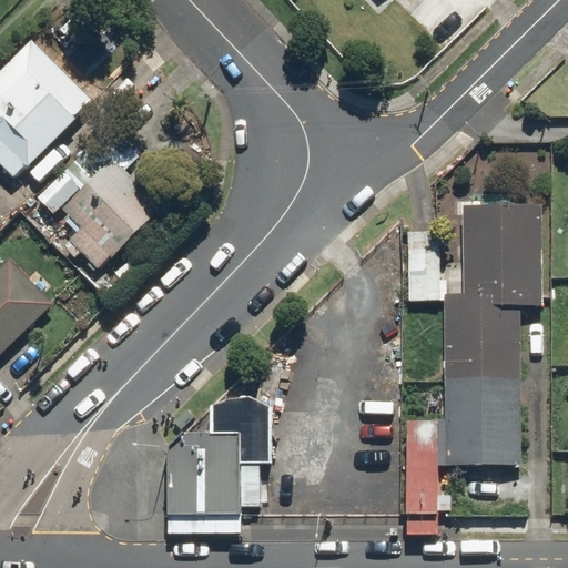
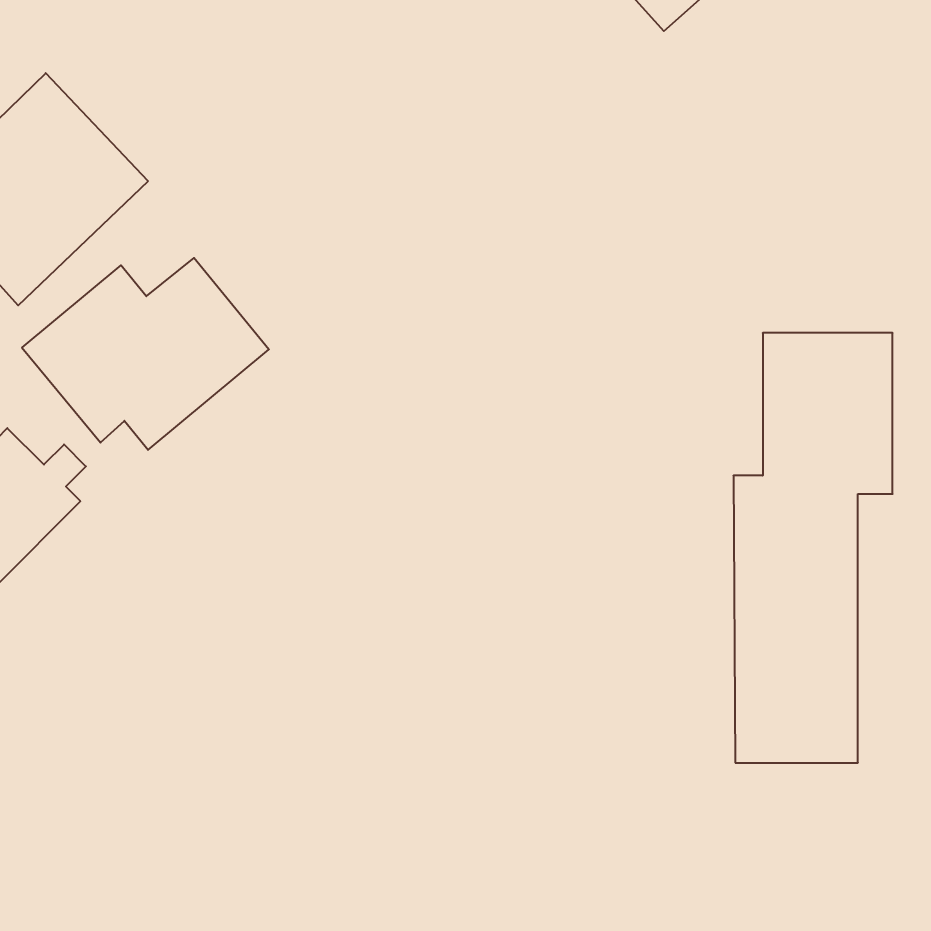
building: [154,413,271,516] -> none
building: [403,427,438,535] -> none

